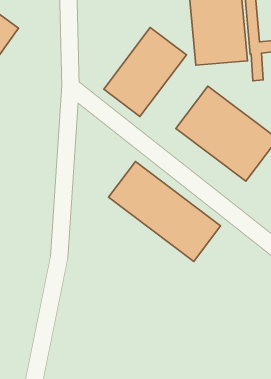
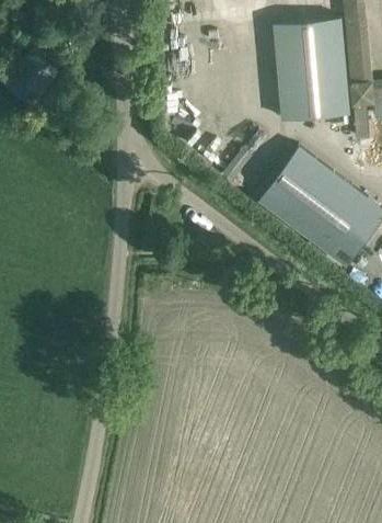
building: [104,28,186,116] -> none
building: [109,162,221,261] -> none

